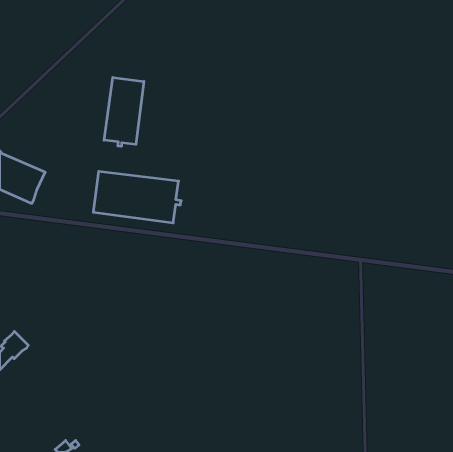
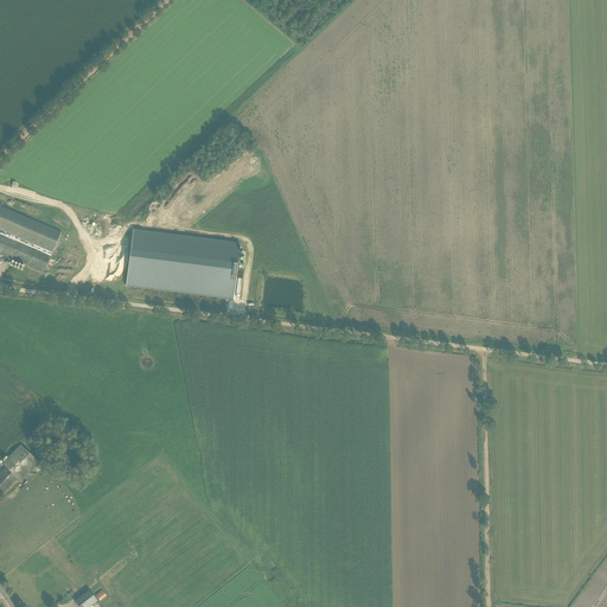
building: [104,77,144,146] -> none

